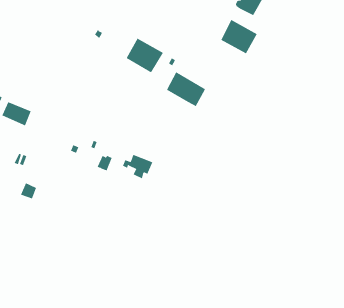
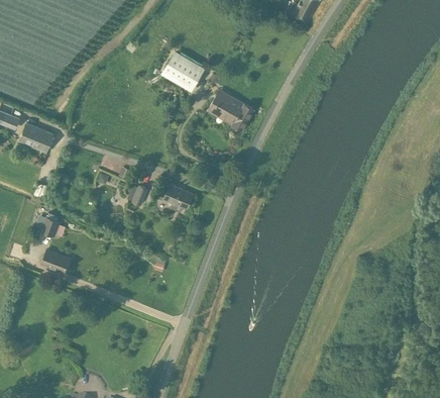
building: [220,19,257,54] -> none
building: none -> [41,250,72,273]

